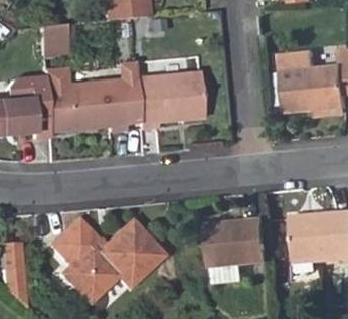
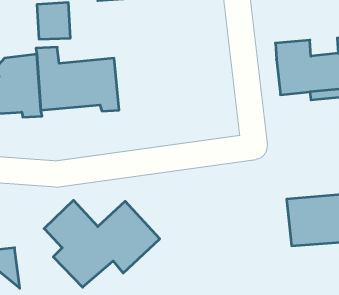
building: [135,69,203,126] -> none
building: [206,218,271,282] -> none

